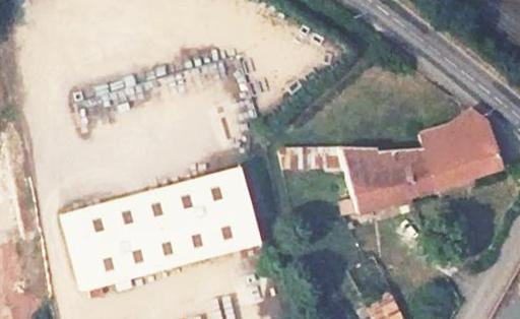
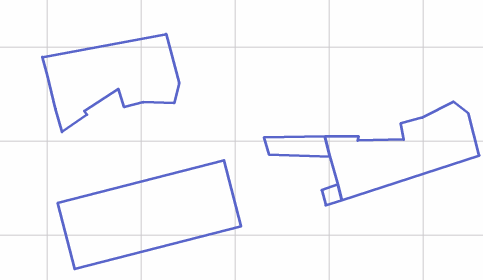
building: none -> [42,34,179,132]

